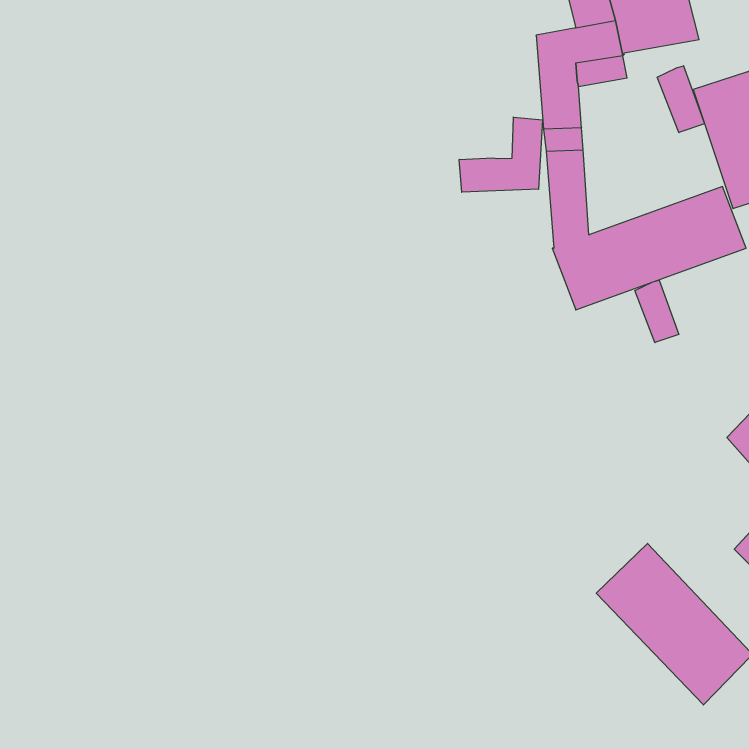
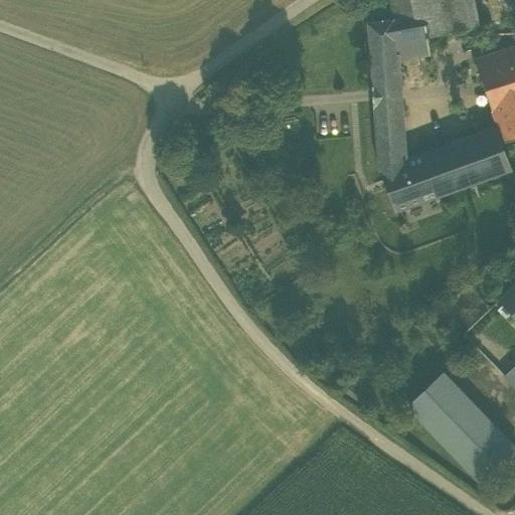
building: [657,66,705,133] -> none
building: [459,117,543,192] -> none
building: [635,280,679,343] -> none

